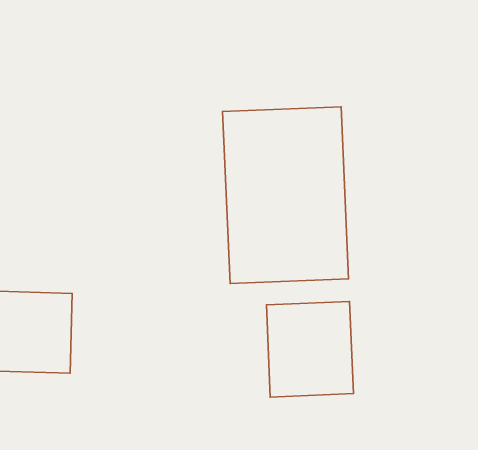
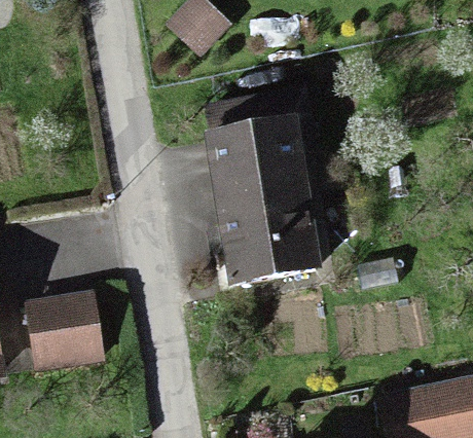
building: [266,301,353,397] -> none

